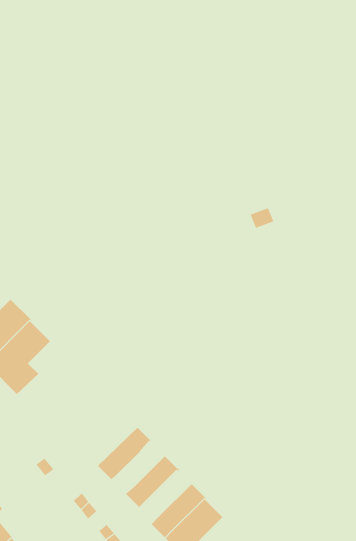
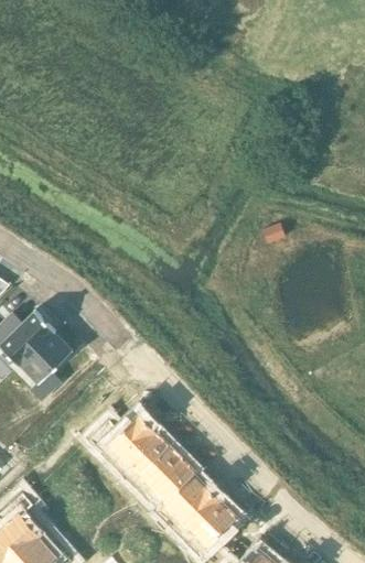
building: none -> [88,412,157,467]
building: none -> [130,443,181,494]
building: none -> [154,472,205,522]

